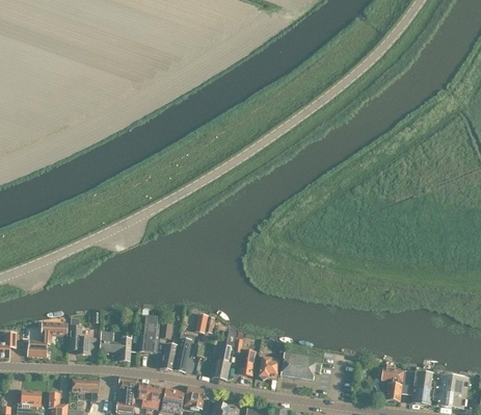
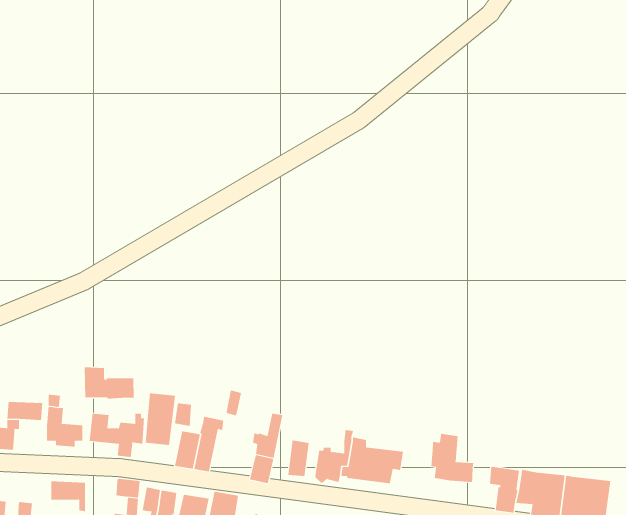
building: none -> [84,367,134,400]
building: none -> [431,433,474,483]

